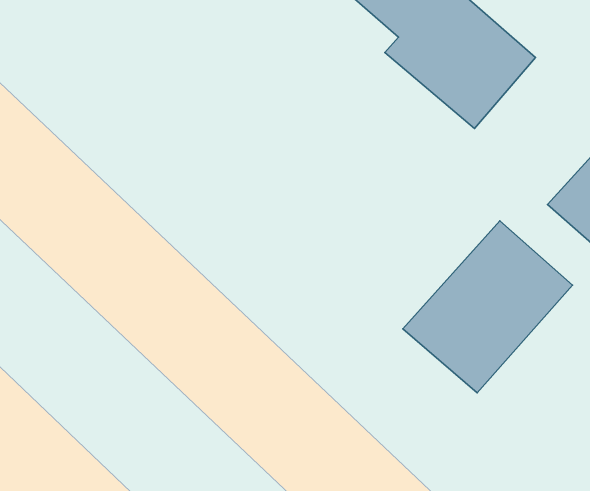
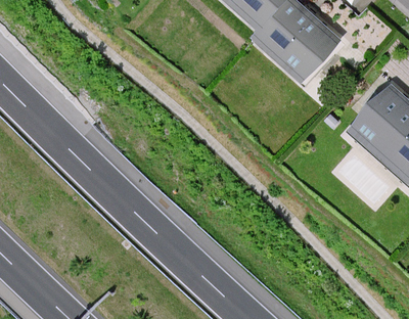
building: [403,221,572,393] -> none

